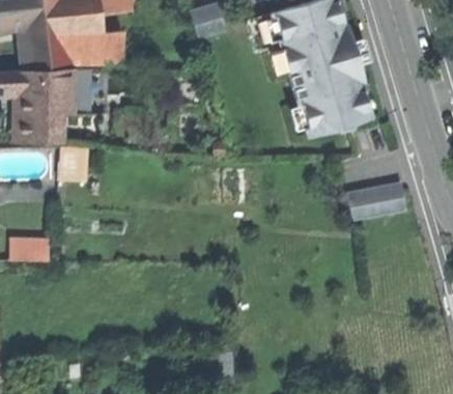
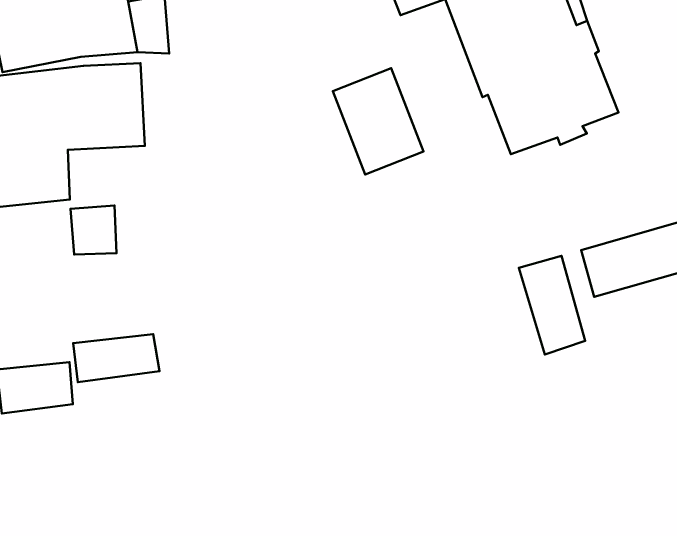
building: none -> [333,68,423,175]
building: none -> [519,256,585,355]
building: none -> [73,334,160,382]

